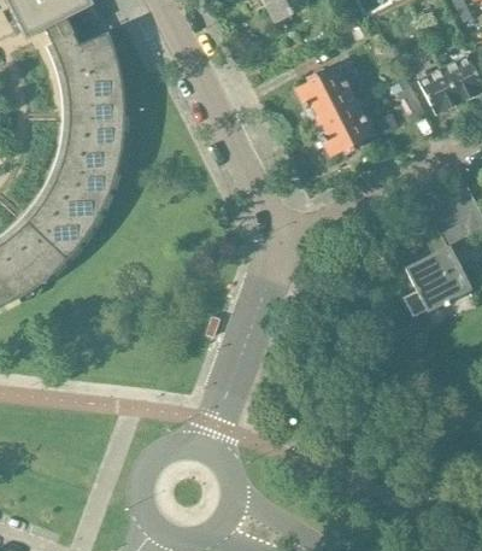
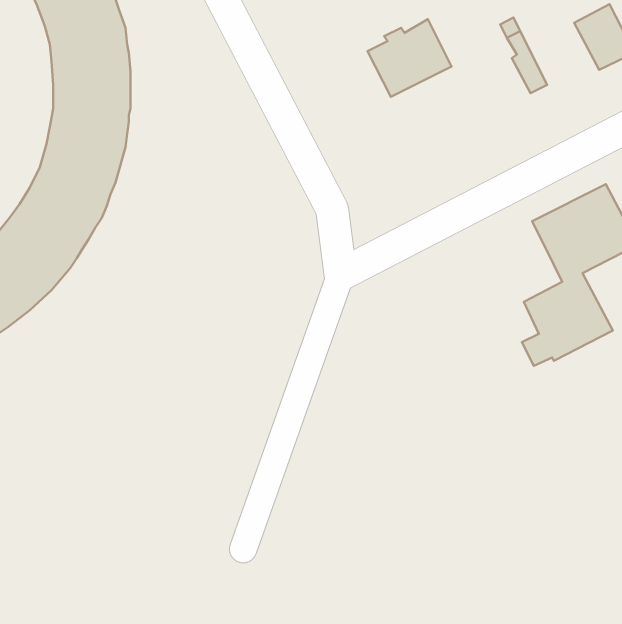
building: [419,68,462,113] -> none
building: [312,99,374,157] -> none

